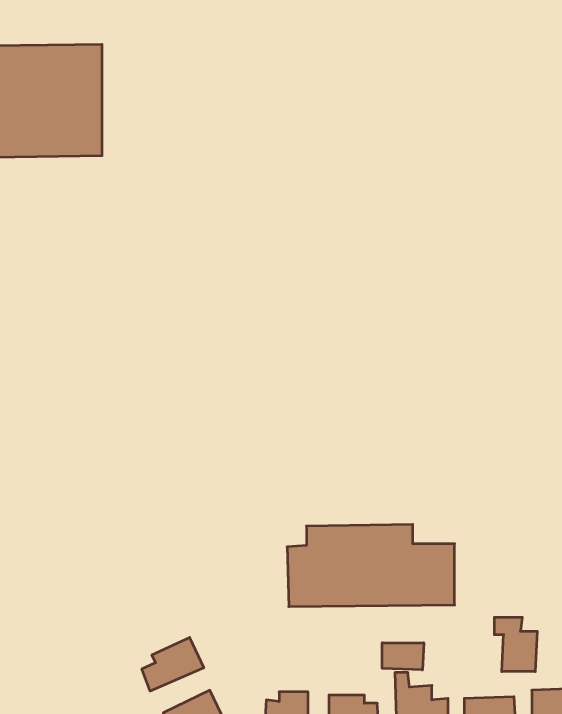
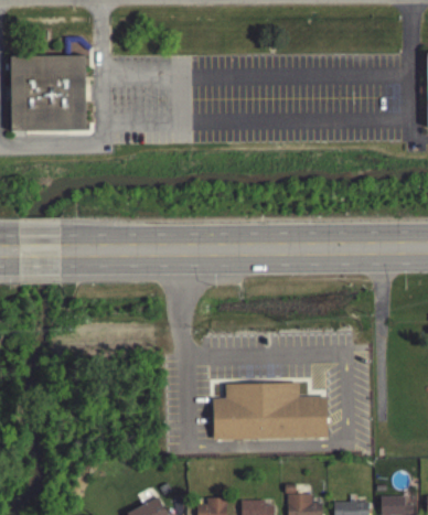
building: [494,617,537,672] -> none
building: [142,637,204,691] -> none
building: [382,643,424,670] -> none

